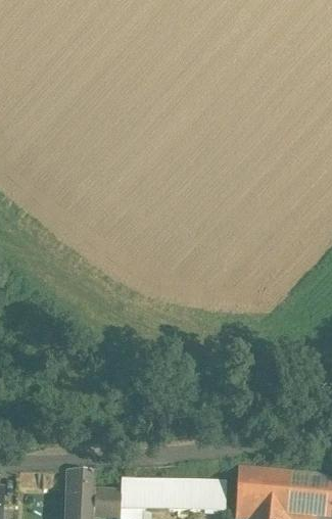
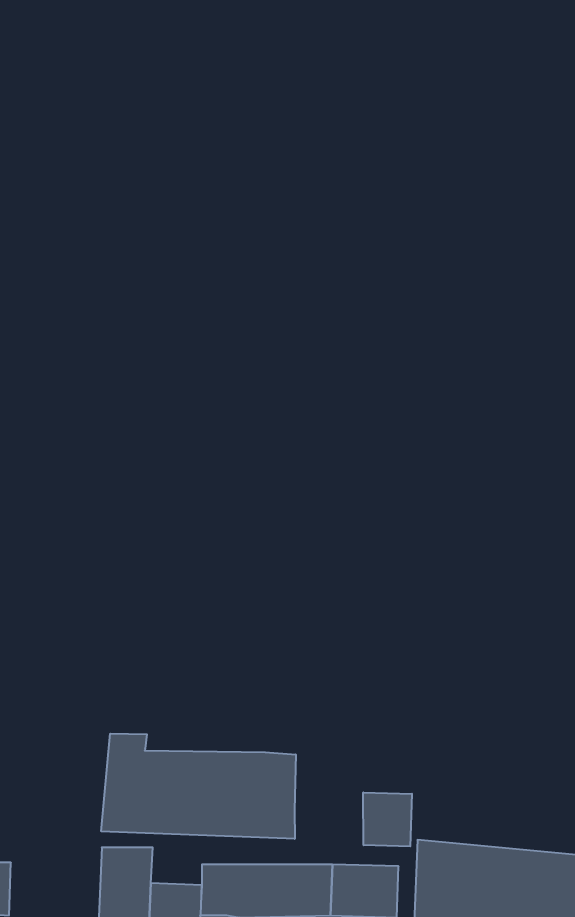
building: none -> [101,734,296,839]
building: none -> [363,792,412,846]

